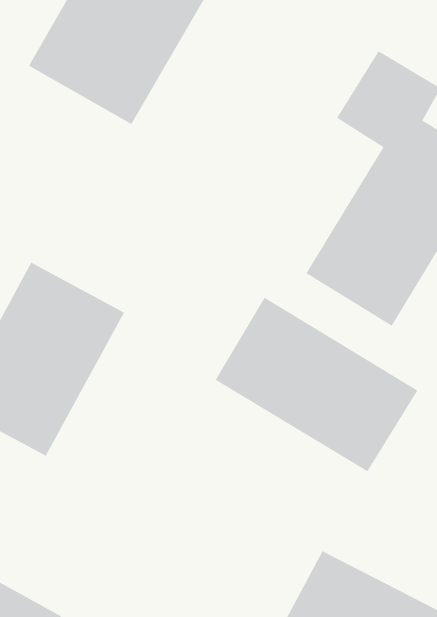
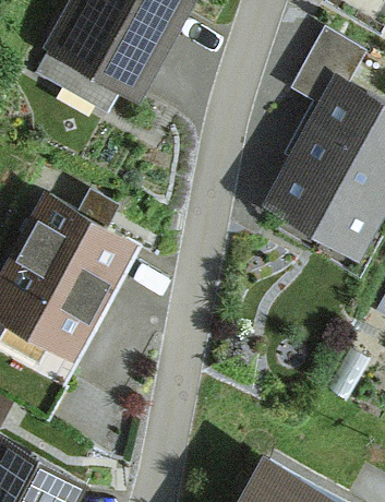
building: [215,297,418,472] -> none

